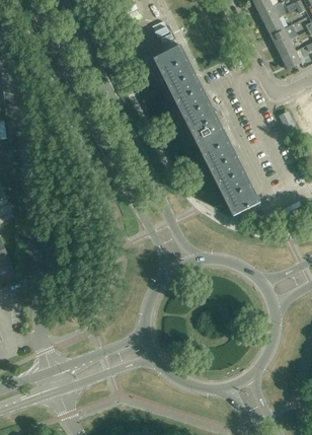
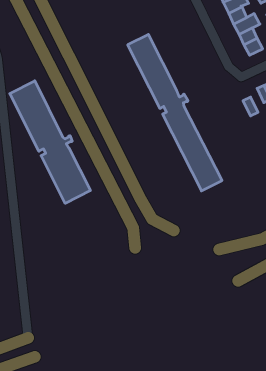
building: none -> [10,81,90,203]

